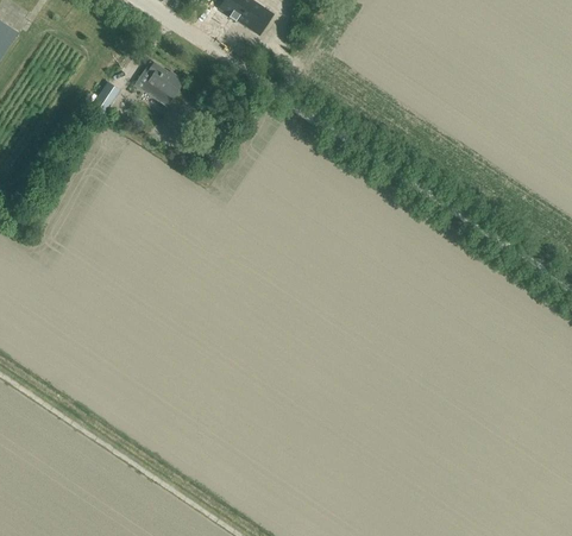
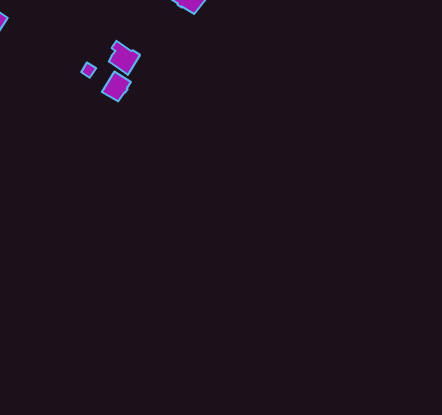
building: none -> [102,71,131,101]

